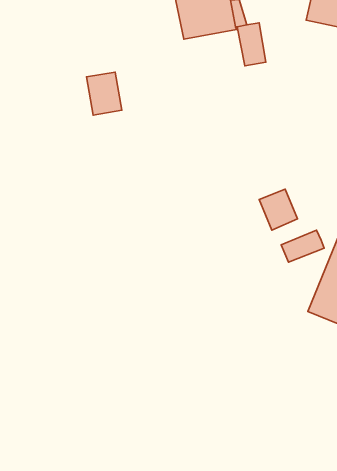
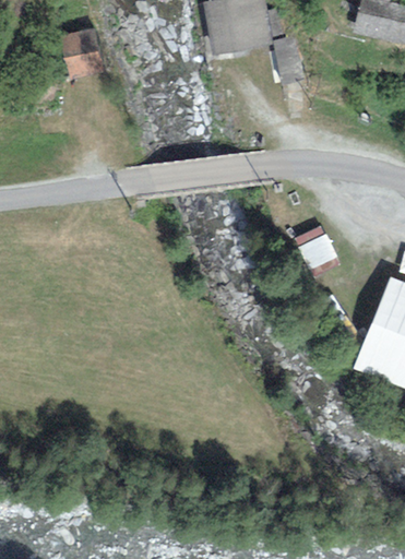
building: [86,72,122,115] -> [62,28,103,78]
building: [281,230,324,262] -> none

